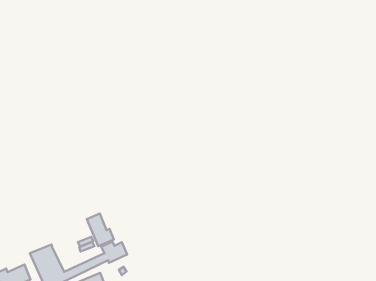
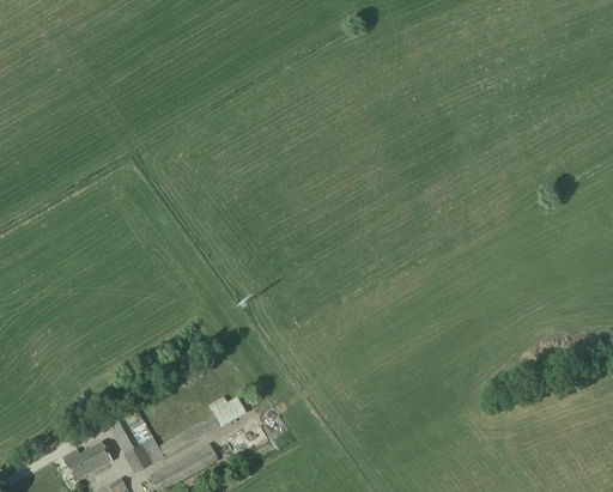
building: [87,213,114,246] -> none

